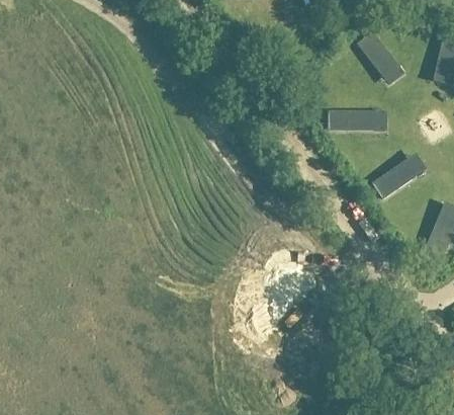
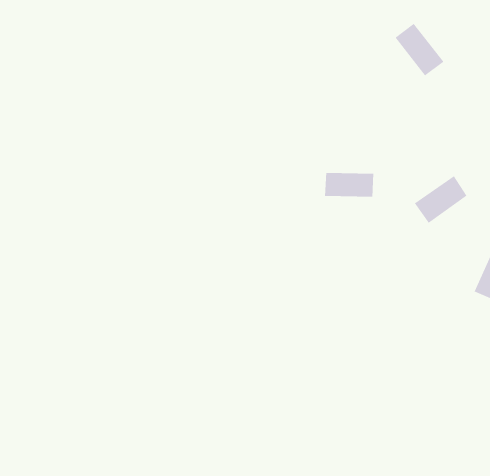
building: [329,109,370,131] -> [324,172,374,198]

